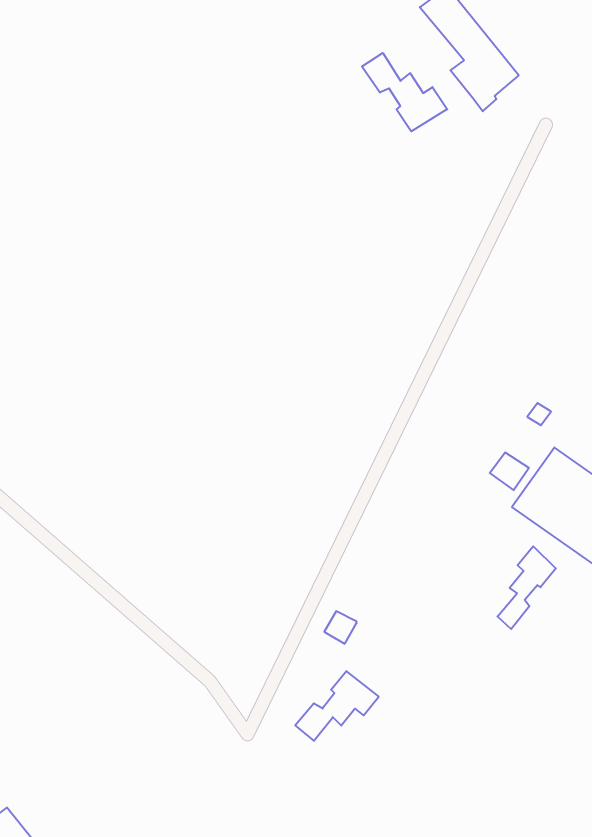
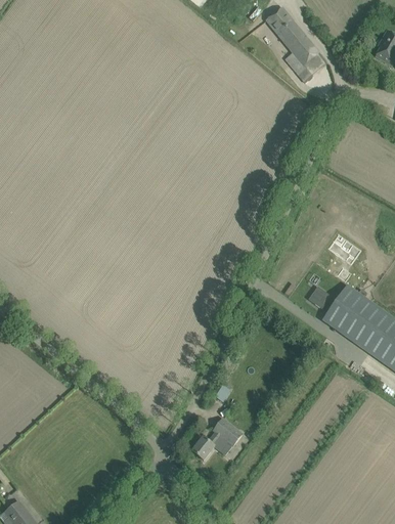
building: [362,53,447,131] -> none
building: [497,546,556,629] -> none

